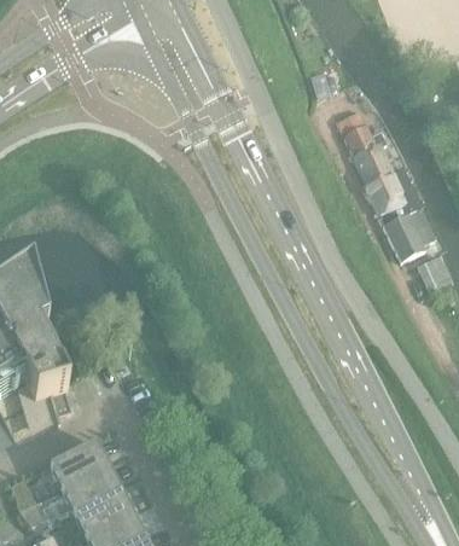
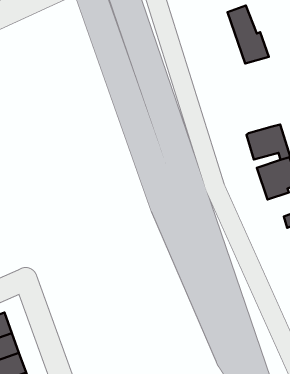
building: [336,112,394,184] -> [227,6,269,64]

